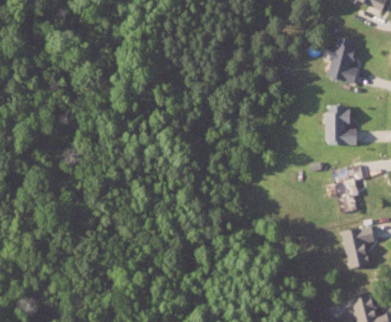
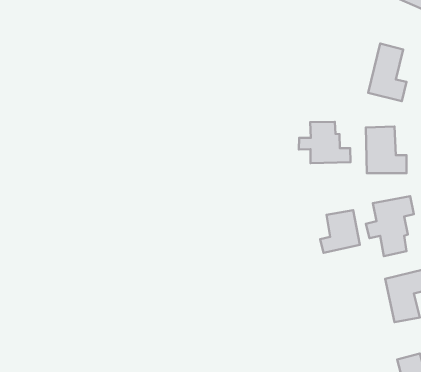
building: none -> [299,122,351,163]
building: none -> [320,210,360,253]

